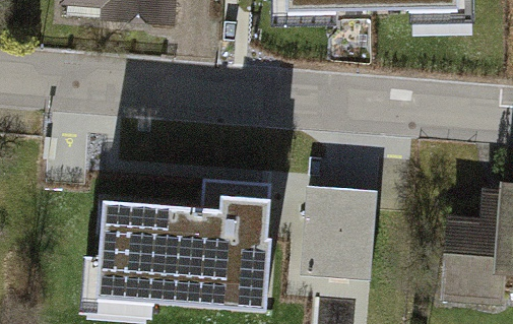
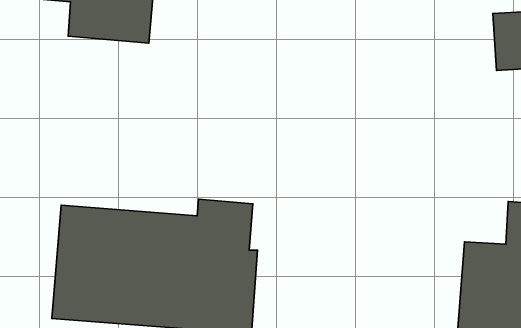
building: [299,182,375,276] -> none

